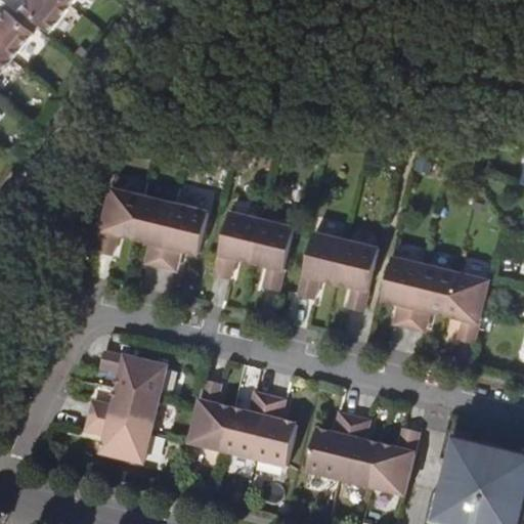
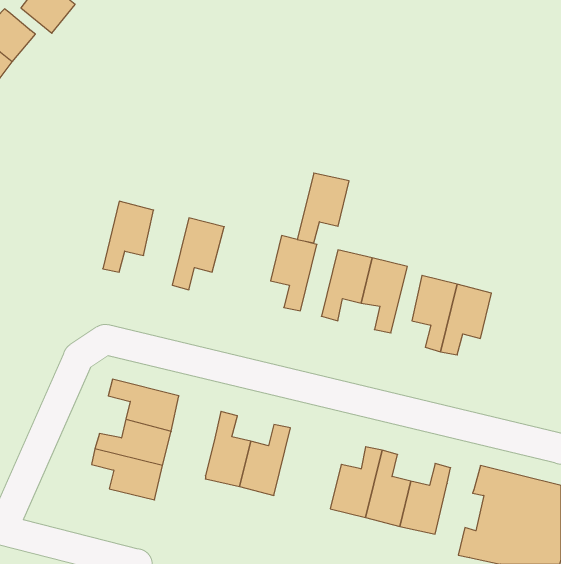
building: [133,194,175,264] -> none
building: [213,211,261,275] -> [297,173,349,243]
building: [445,271,488,341] -> none
building: [254,396,297,467] -> none

